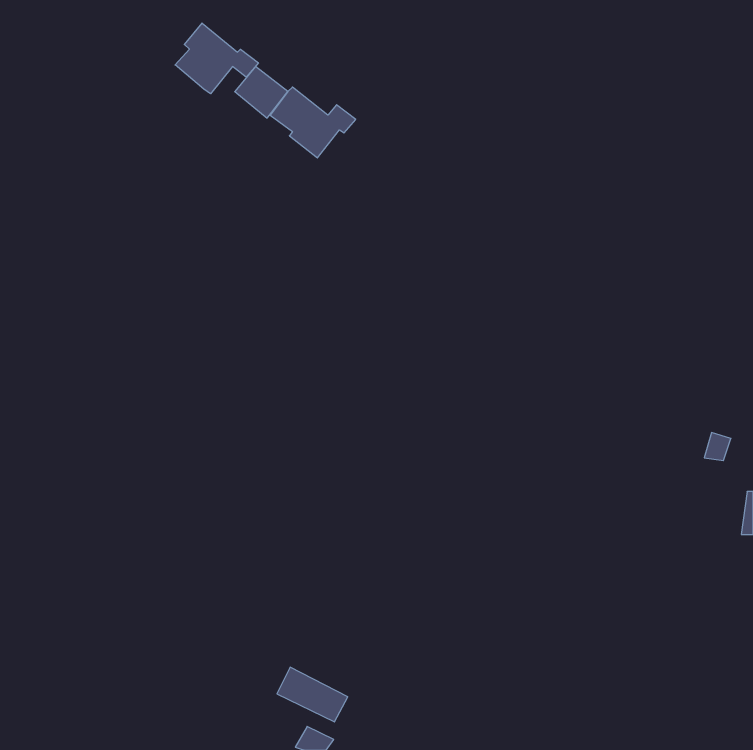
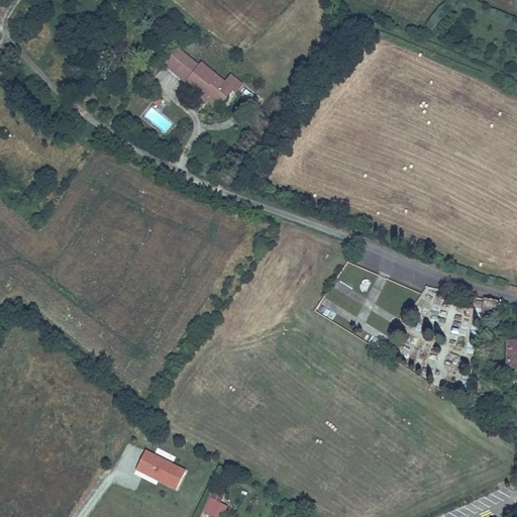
building: [175,23,258,94] -> none
building: [277,667,348,722] -> [136,449,185,487]

